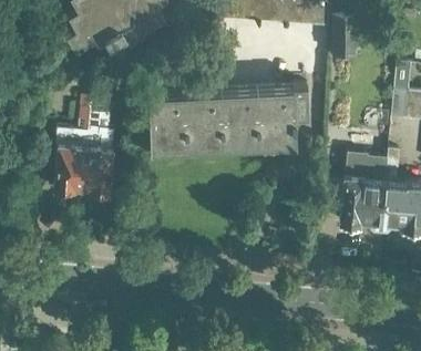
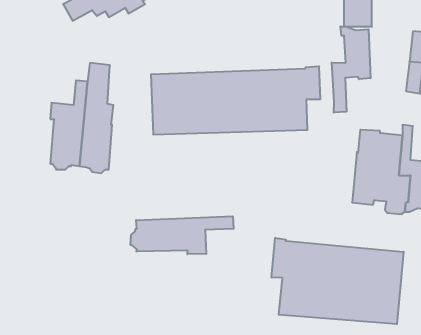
building: none -> [332,26,370,113]
building: none -> [130,216,233,254]
building: none -> [272,238,404,324]

